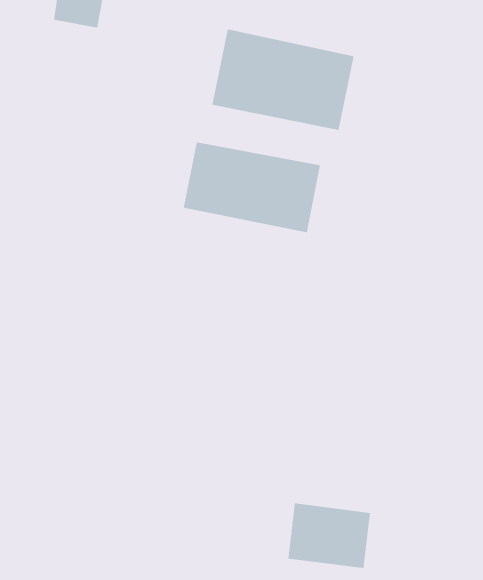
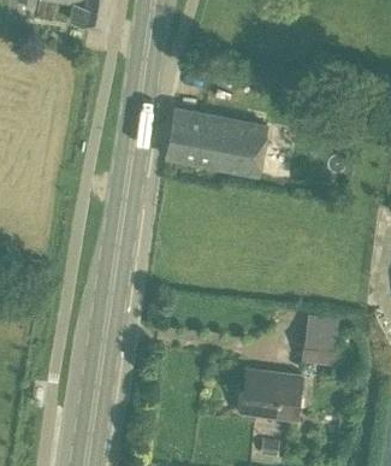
building: [211,28,354,131] -> none
building: none -> [301,314,340,366]

